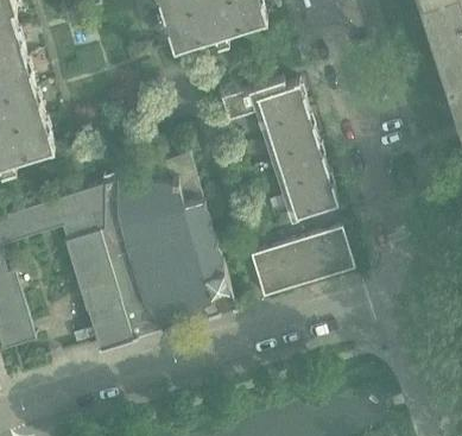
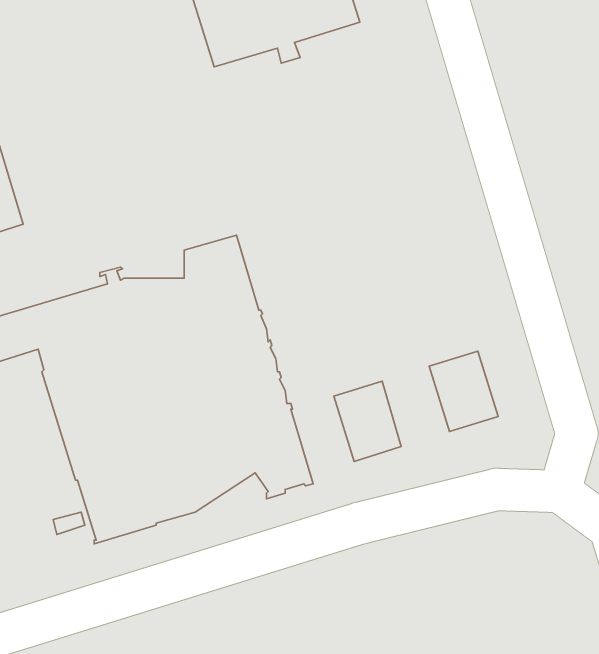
building: [219,81,336,227] -> none
building: [279,239,322,290] -> none

